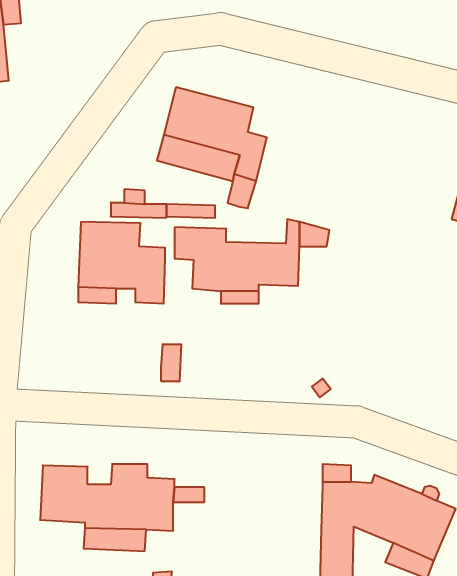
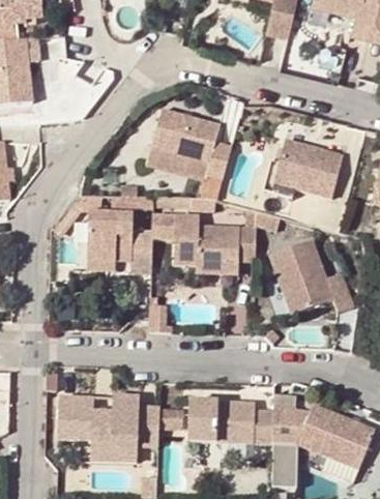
building: none -> [276,144,343,201]
building: none -> [267,240,351,316]
building: none -> [187,402,272,444]

